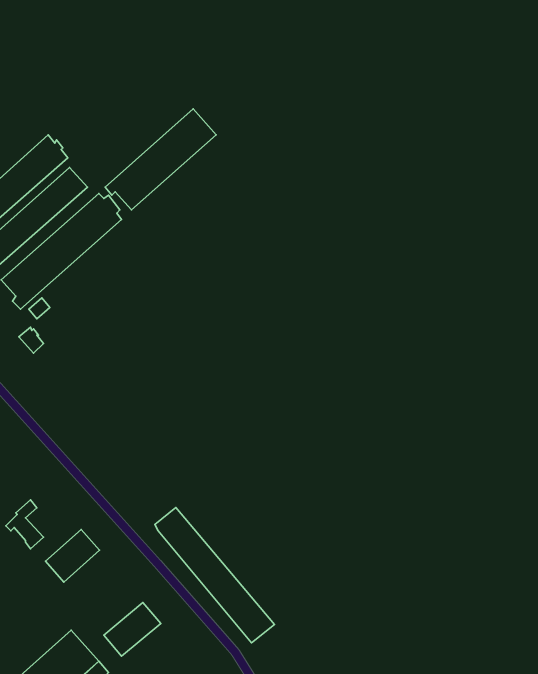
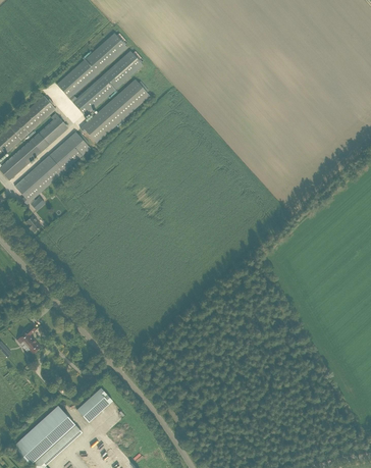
building: none -> [57,33,144,116]
building: [155,507,274,643] -> none
building: [45,529,99,582] -> none

